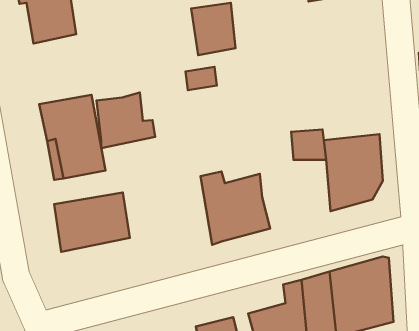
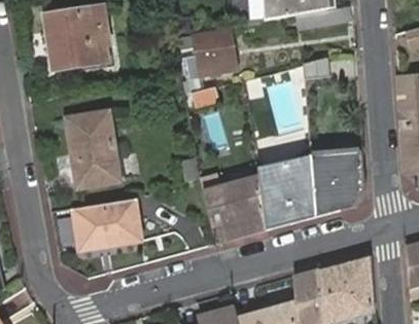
building: [97,93,155,148] -> none
building: none -> [255,177,305,230]

